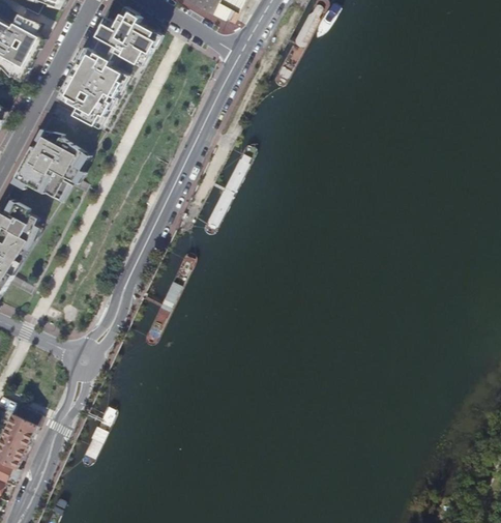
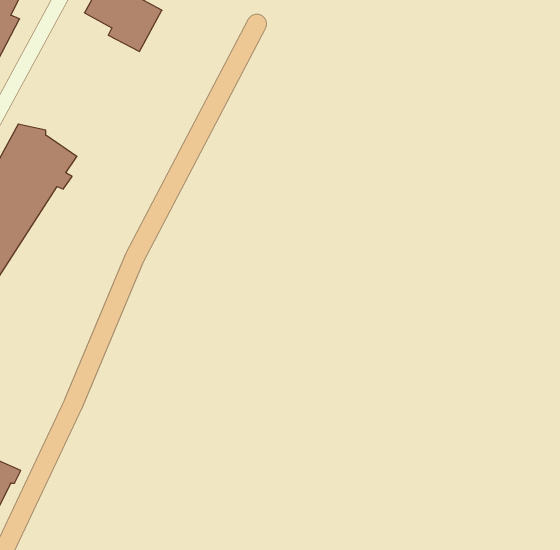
building: [52,45,124,127] -> none

